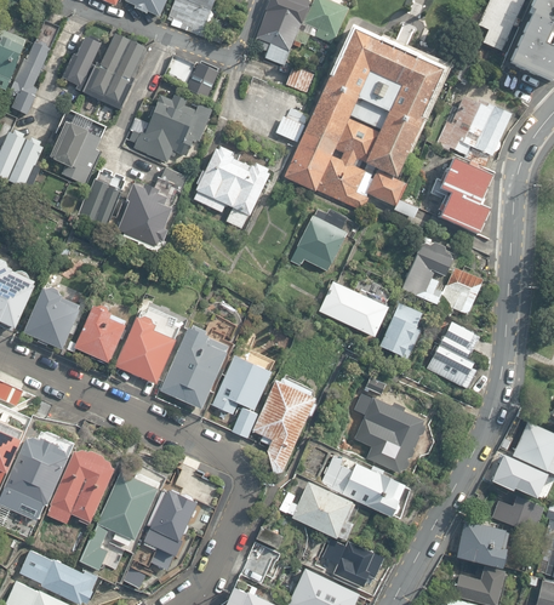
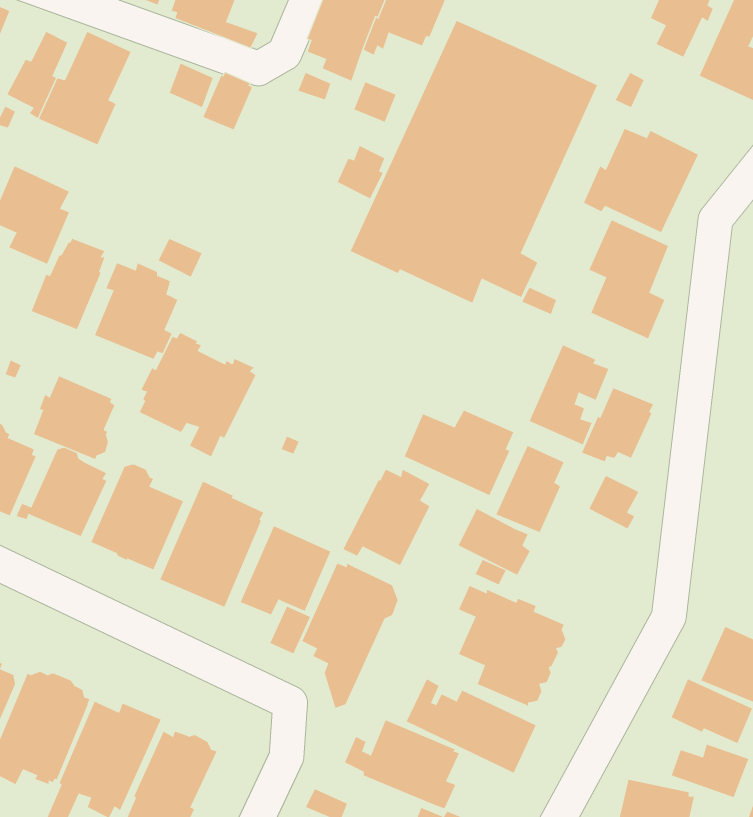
building: [128,96,212,164] -> none
building: [194,147,270,228] -> [139,332,256,457]
building: [290,209,347,272] -> [343,469,430,566]
building: none -> [33,376,115,460]
building: [427,344,474,388] -> [458,508,530,575]

